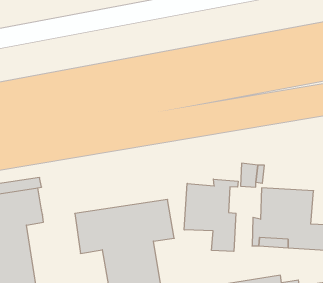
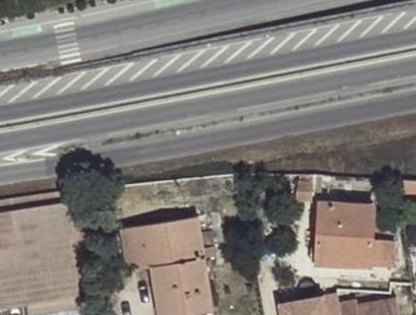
building: [184,179,238,251] -> none

